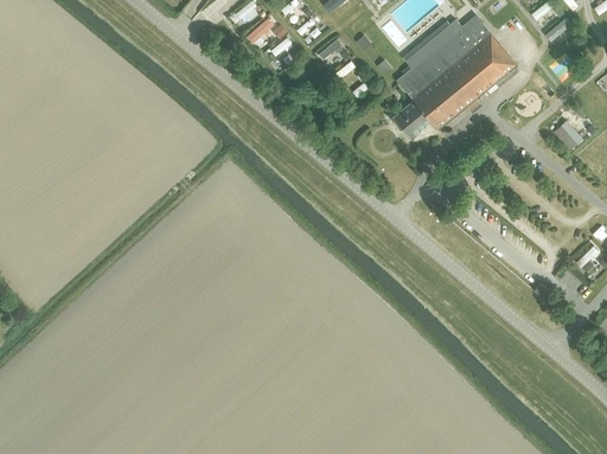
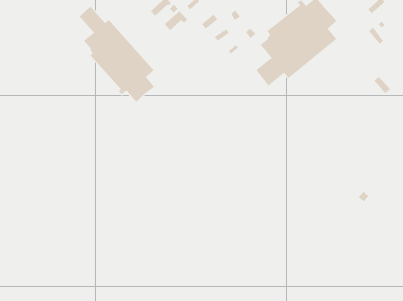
building: none -> [79,6,155,102]

